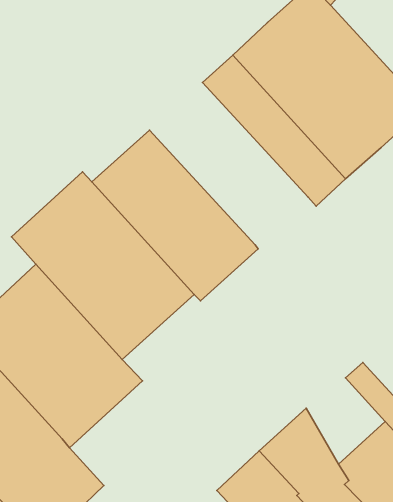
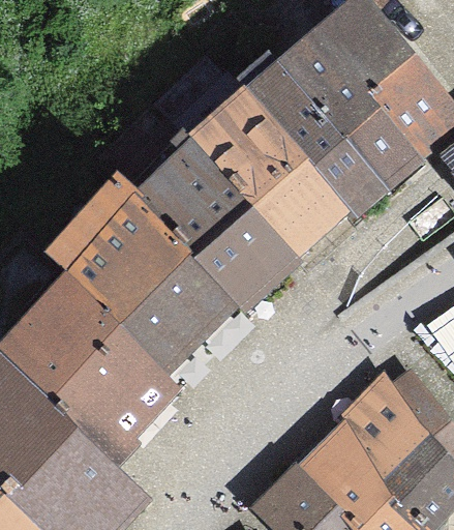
building: none -> [189,90,351,256]
building: none -> [344,383,429,479]

